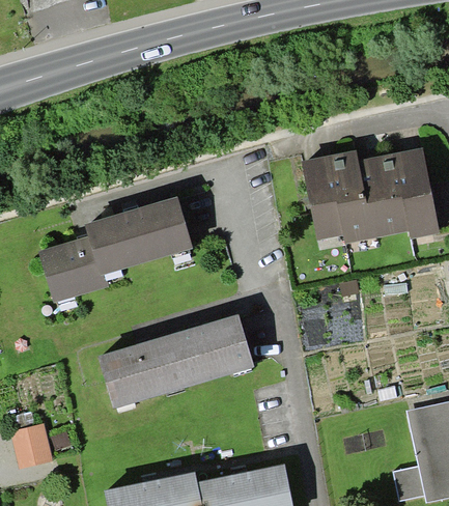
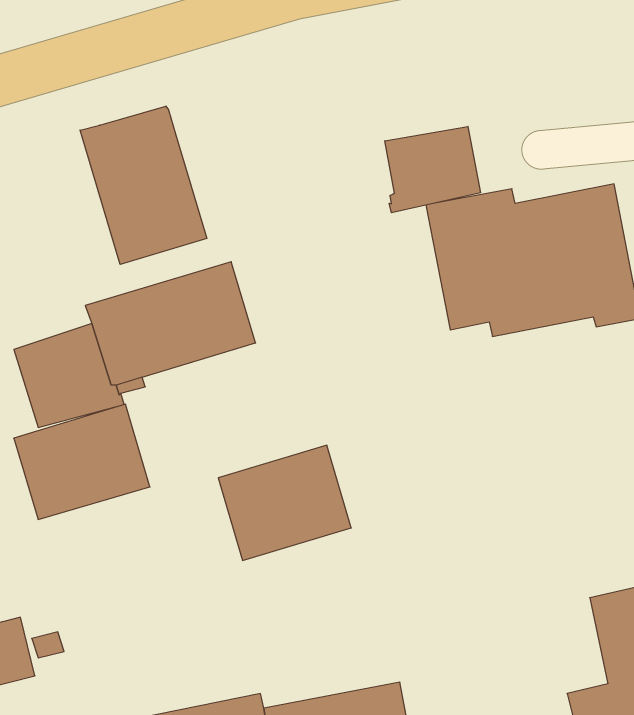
building: none -> [80,106,207,264]
building: none -> [385,126,480,213]
building: [97,334,185,407] -> [14,404,150,519]

